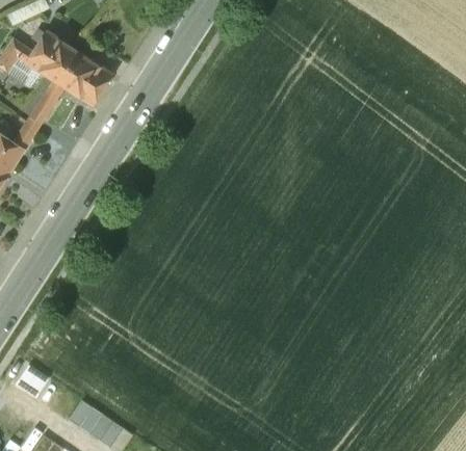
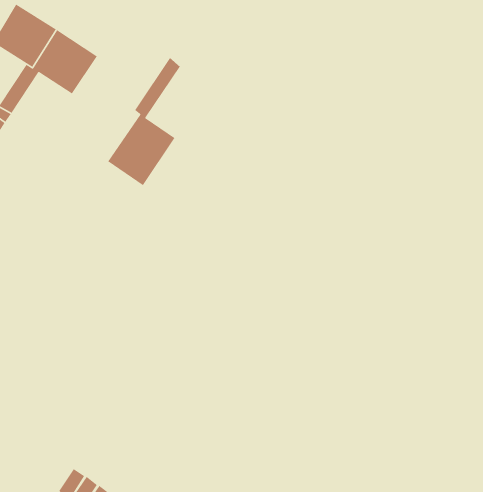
building: none -> [107,57,181,186]

